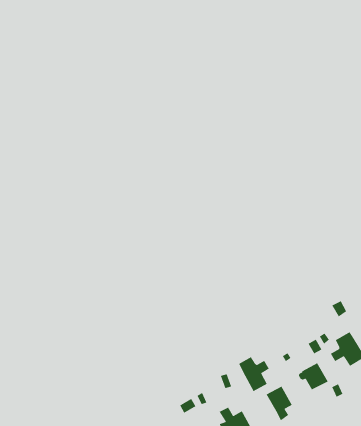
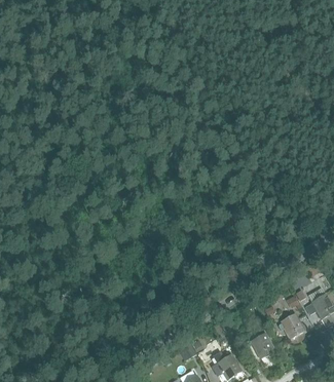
building: [238,356,270,392] -> none

